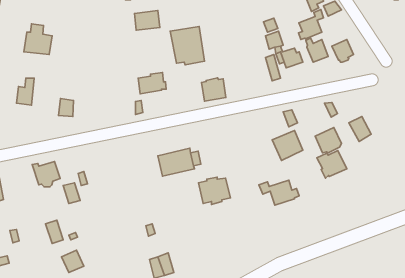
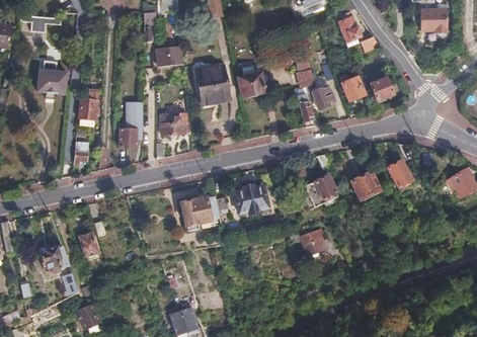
building: [298,10,324,39] -> none
building: none -> [120,100,144,147]
building: [202,78,226,101] -> [238,71,264,96]
building: [16,78,34,105] -> [79,89,98,118]
building: [317,150,347,178] -> none
building: [32,162,60,187] -> [38,244,69,271]
building: [199,177,230,204] -> [234,184,268,214]

